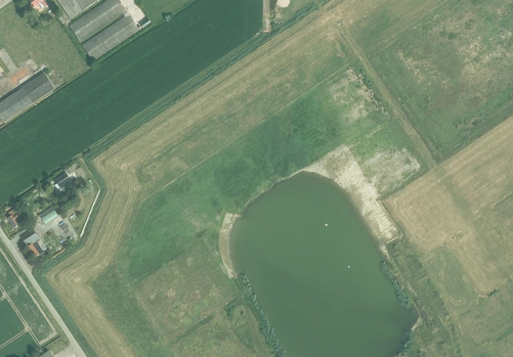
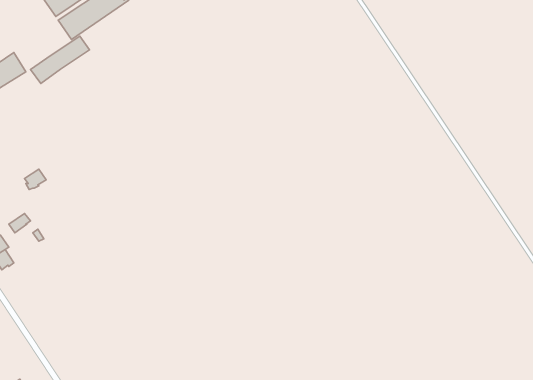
building: none -> [31,36,89,83]

